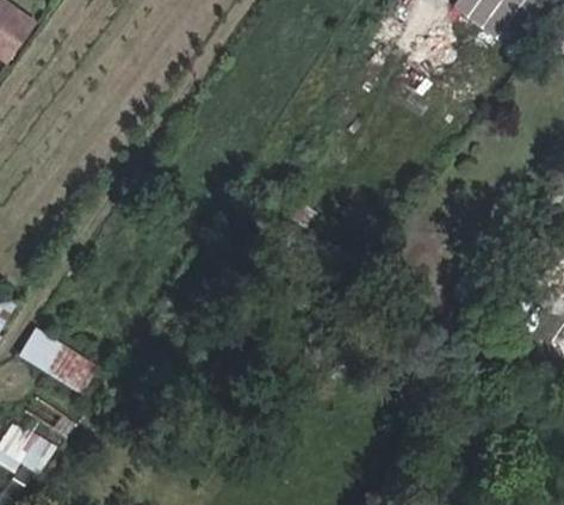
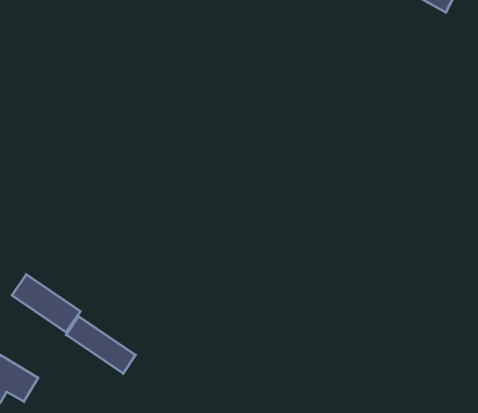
building: none -> [66,316,136,374]

